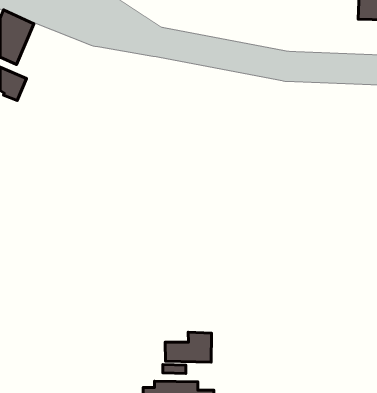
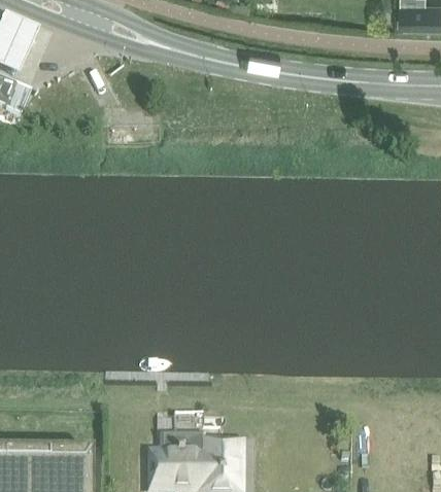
building: [165,332,211,362] -> none

